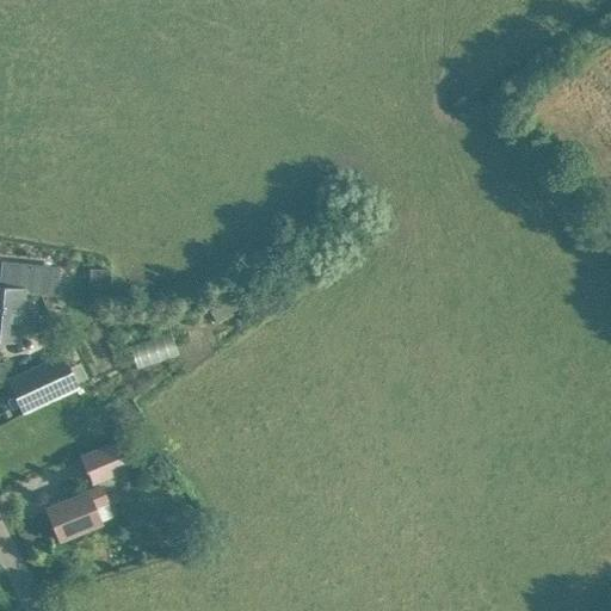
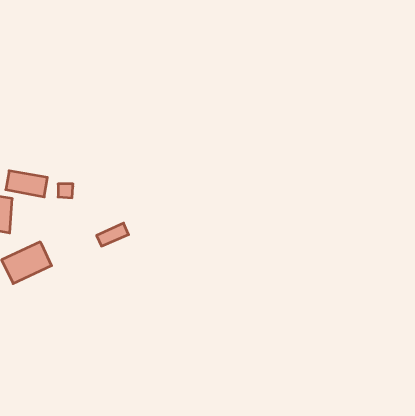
building: [78,444,123,485] -> none
building: [43,488,101,541] -> none

